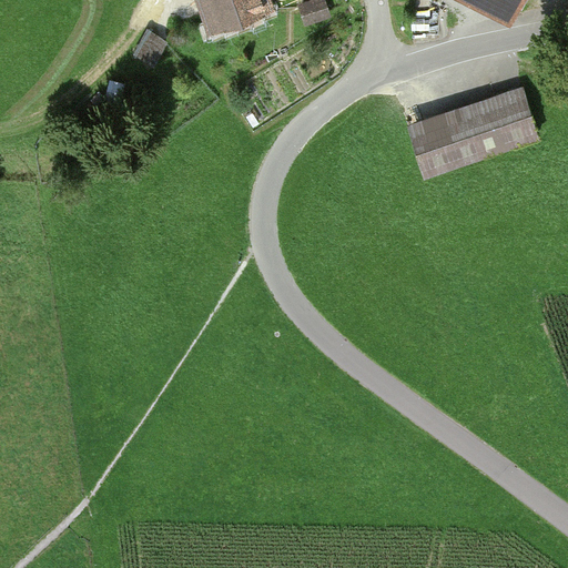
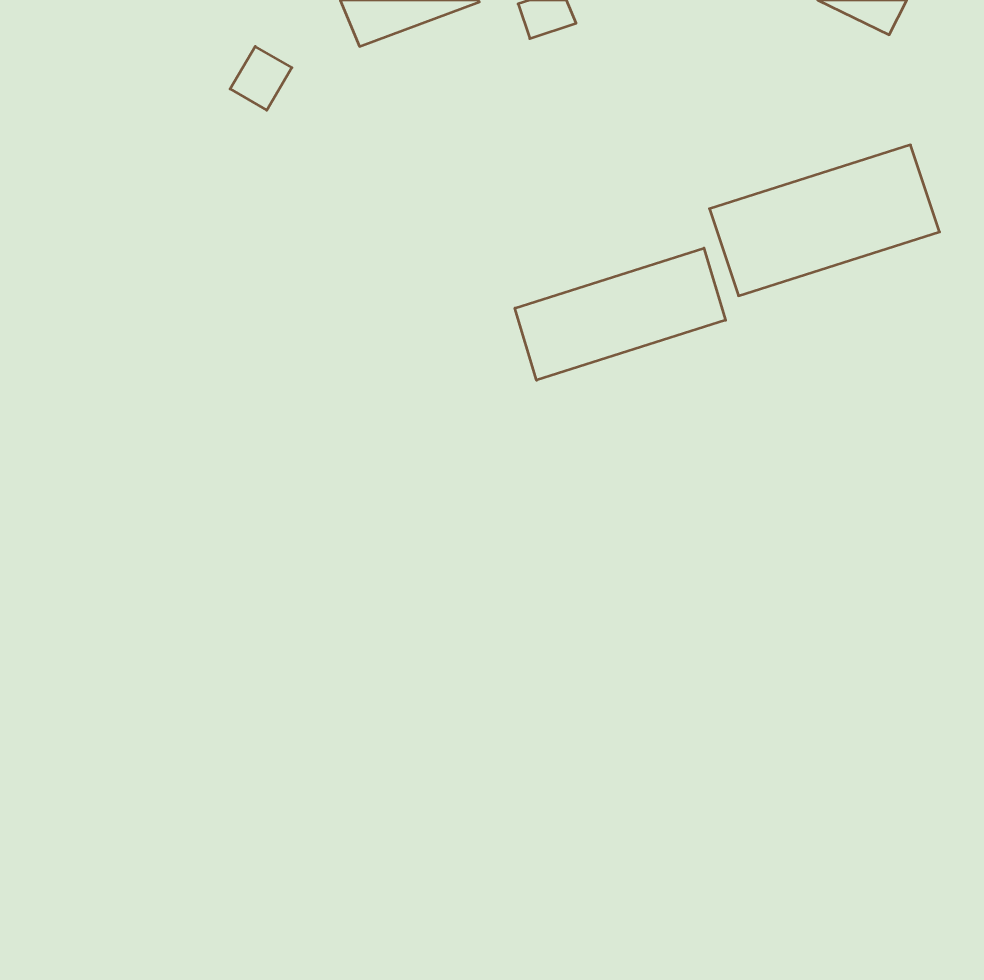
building: none -> [515,248,726,380]

